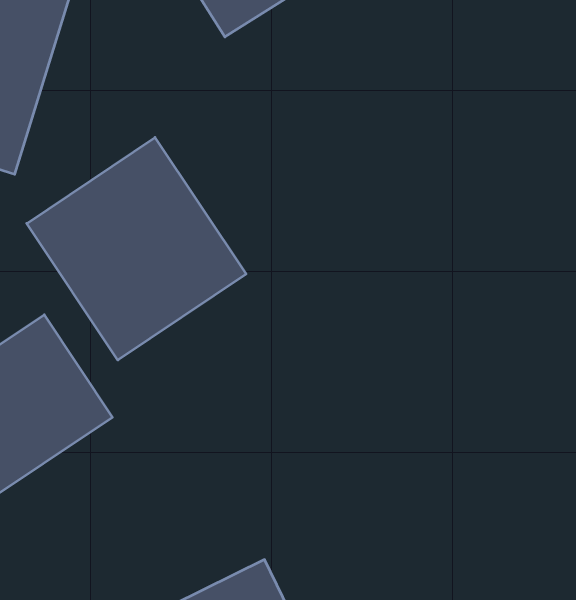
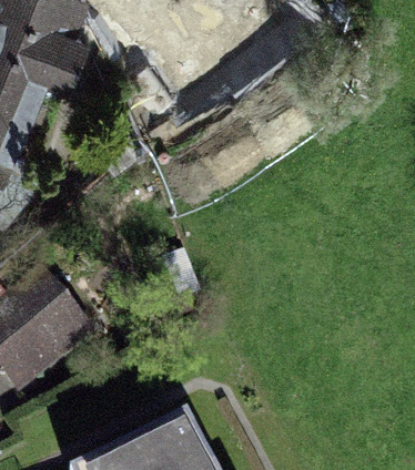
building: [27,137,246,360] -> none

